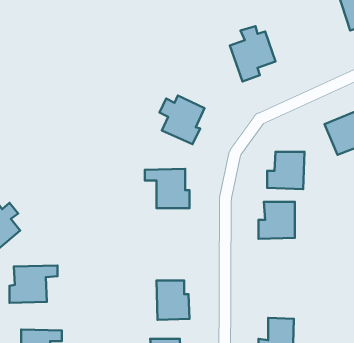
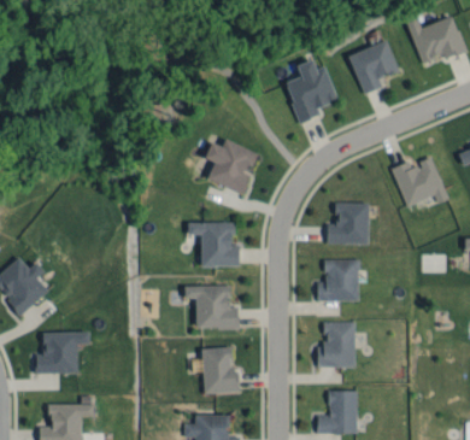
building: none -> [349,40,399,94]
building: none -> [184,286,240,329]
building: none -> [318,322,356,368]

